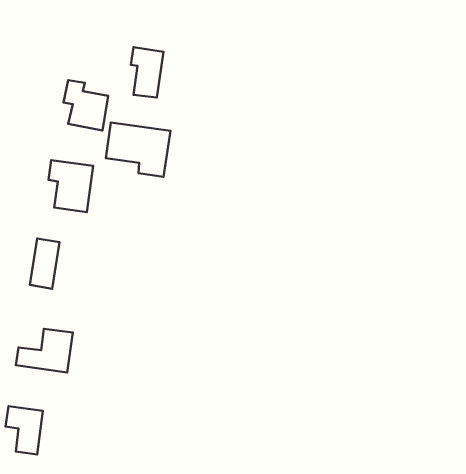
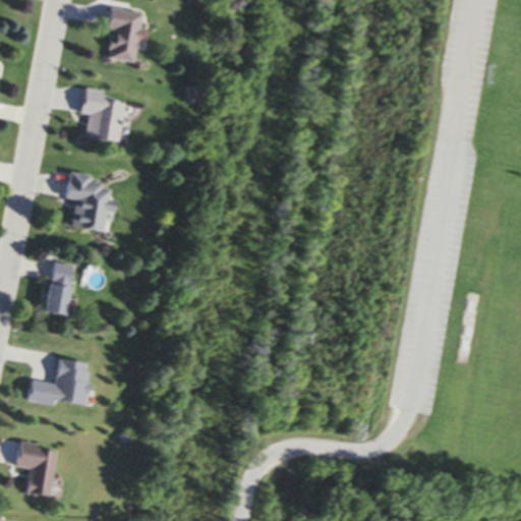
building: [131,47,163,98] -> [105,6,140,61]
building: [106,122,170,177] -> none

